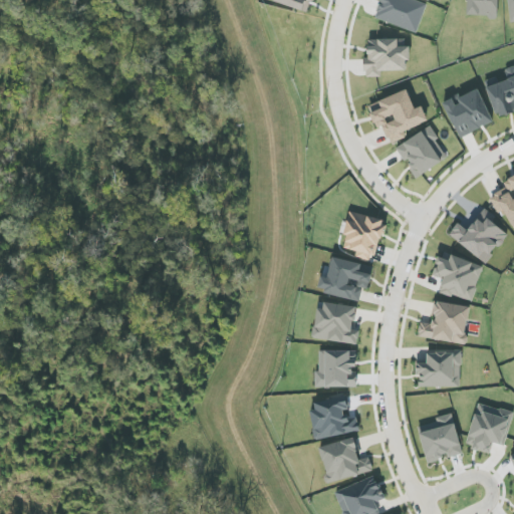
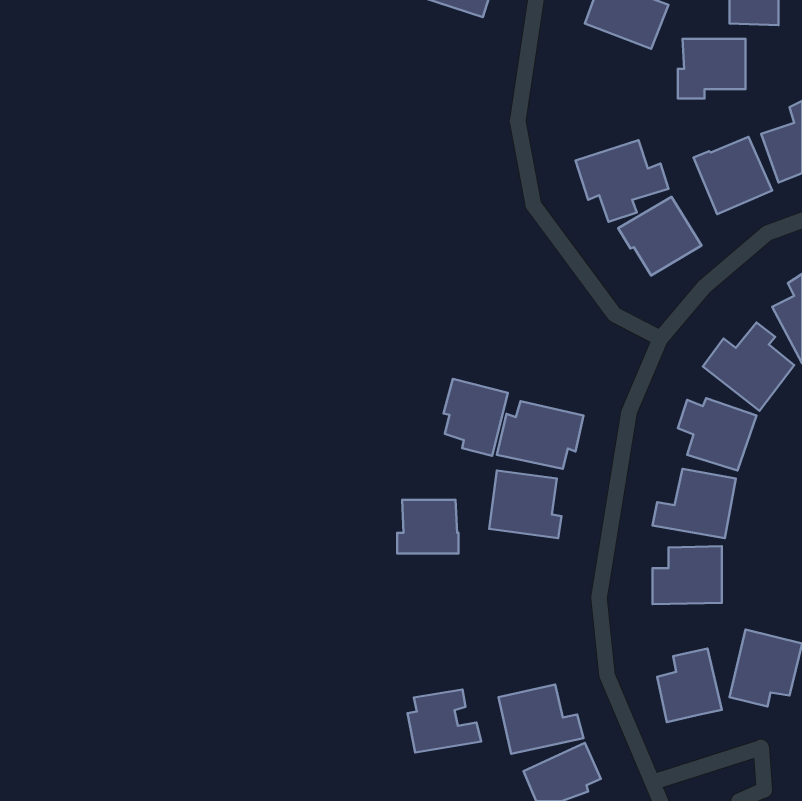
building: [363,37,407,75] -> [678,39,746,99]
building: [342,211,383,260] -> [443,379,508,456]
building: [316,350,355,384] -> [397,500,459,553]
building: [311,396,358,436] -> [407,690,481,753]

